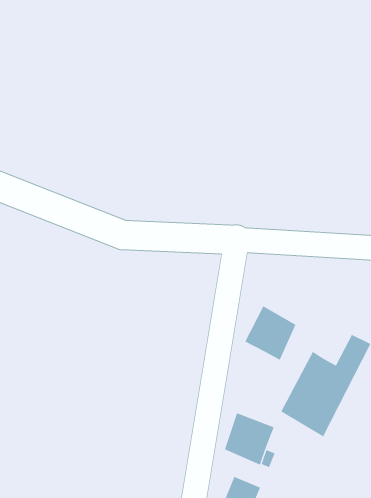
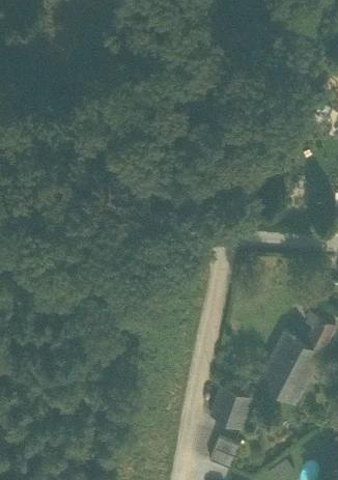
building: [245,305,296,360] -> none

